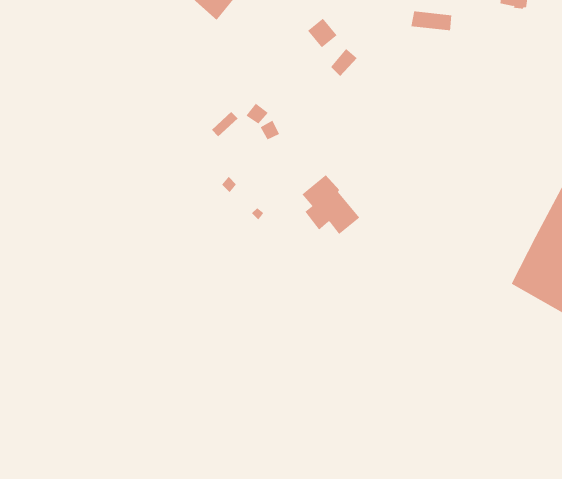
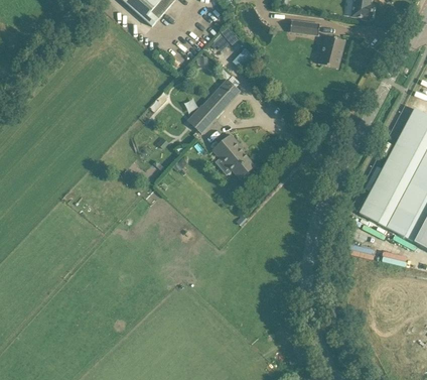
building: none -> [318,36,344,70]
building: none -> [187,81,239,134]

